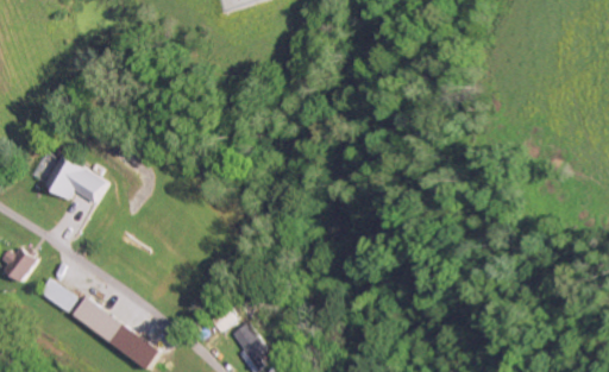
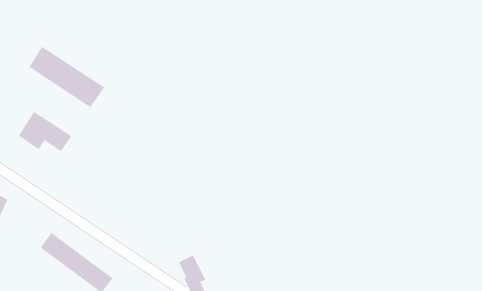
building: none -> [29,46,105,108]
building: [39,278,77,311] -> none

